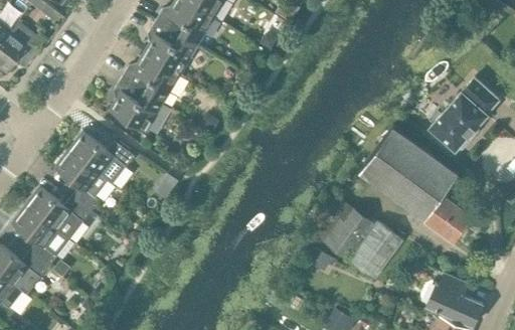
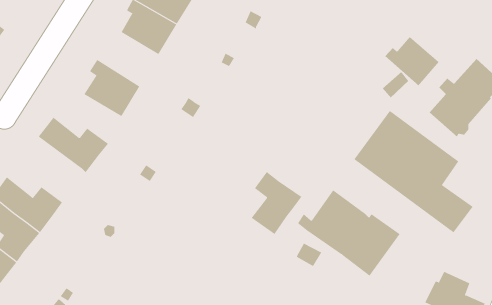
building: [123,53,180,104] -> none
building: none -> [384,36,439,86]
building: [54,150,109,211] -> none
building: none -> [251,171,302,235]

